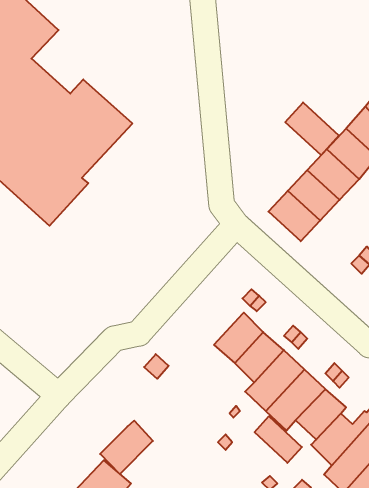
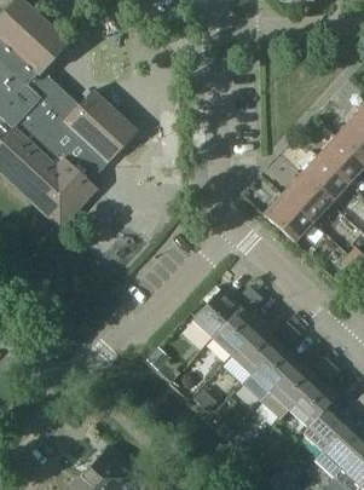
building: [285,102,339,155] -> none
building: none -> [191,289,239,339]
building: [255,416,302,463] -> none
building: [100,421,153,474] -> none

